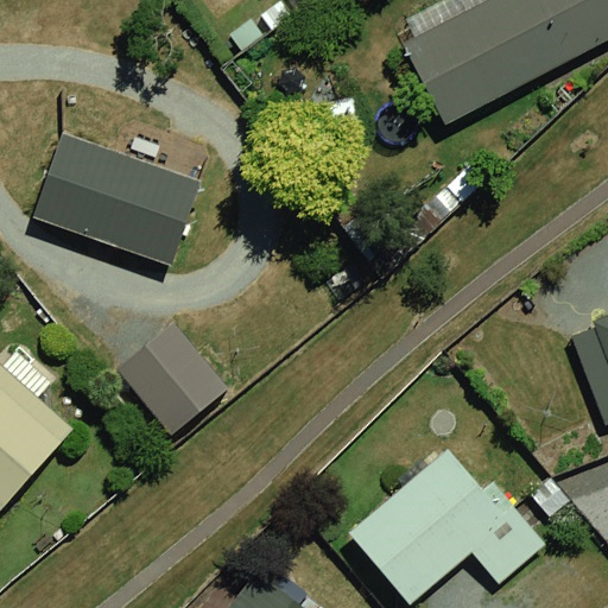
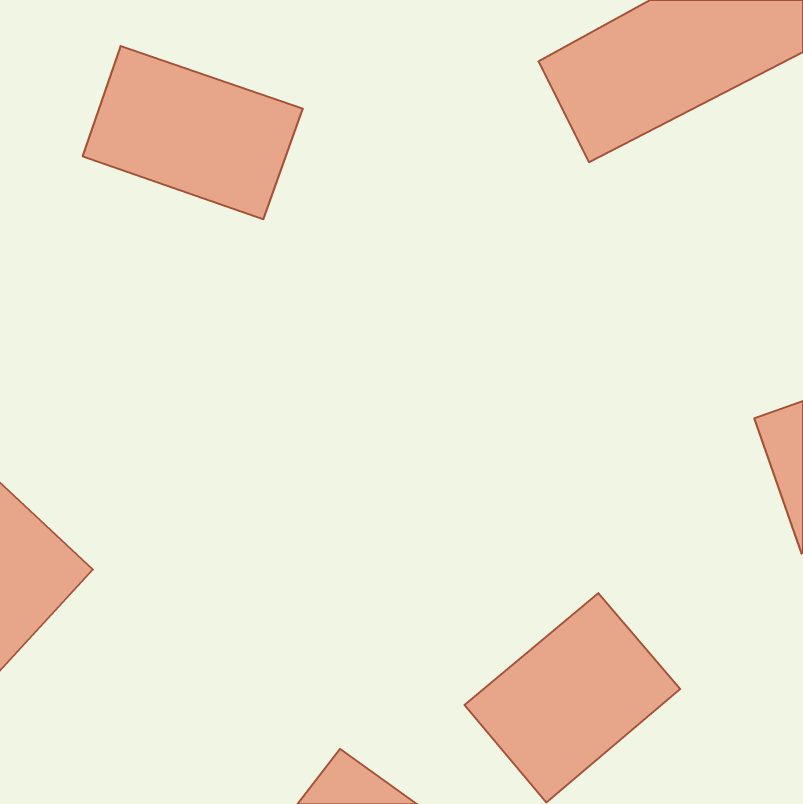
building: [33,135,200,266] -> [83,46,303,219]
building: [120,323,230,435] -> none

